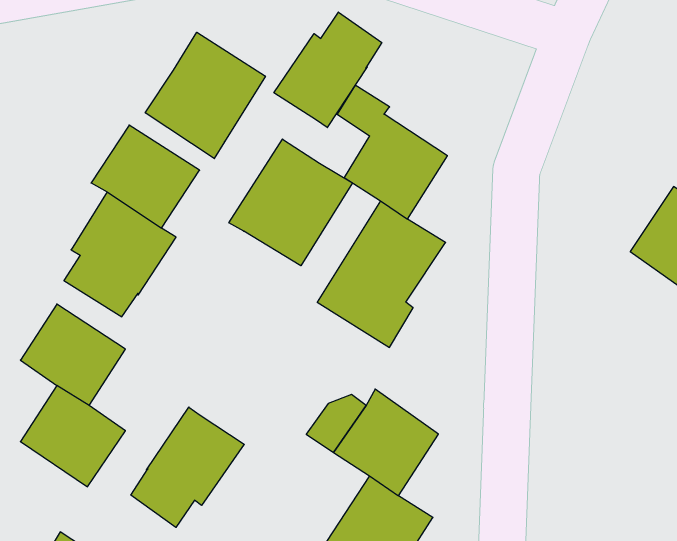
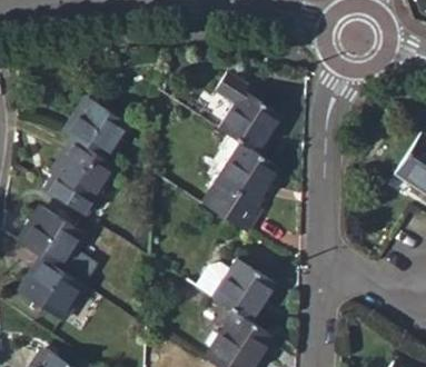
building: [274,12,382,128] -> none
building: [145,32,265,159] -> none
building: [229,139,352,266] -> none
building: [131,407,244,527] -> none

